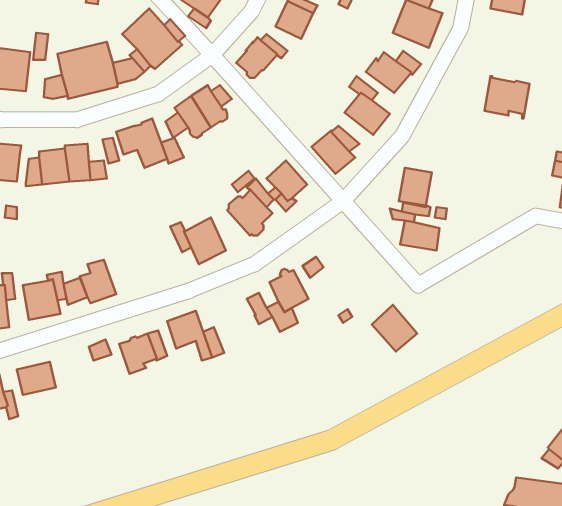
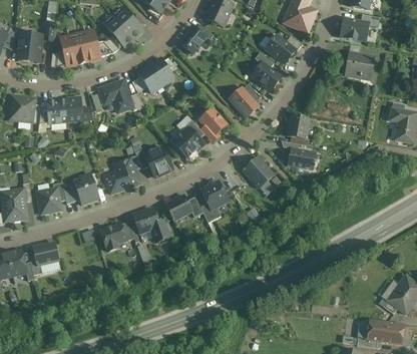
building: none -> [340,17,370,42]
building: none -> [104,156,140,193]
building: none -> [166,195,192,220]
building: [372,305,417,351] -> [244,155,274,187]

